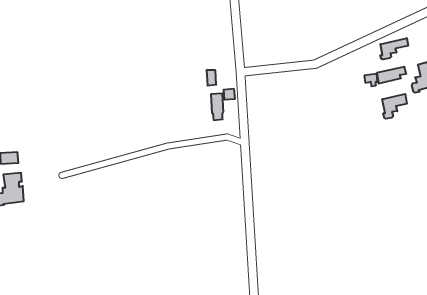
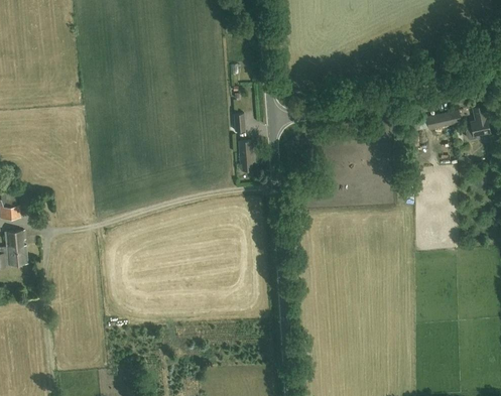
building: [380,38,408,59] -> none
building: [382,94,407,119] -> none

